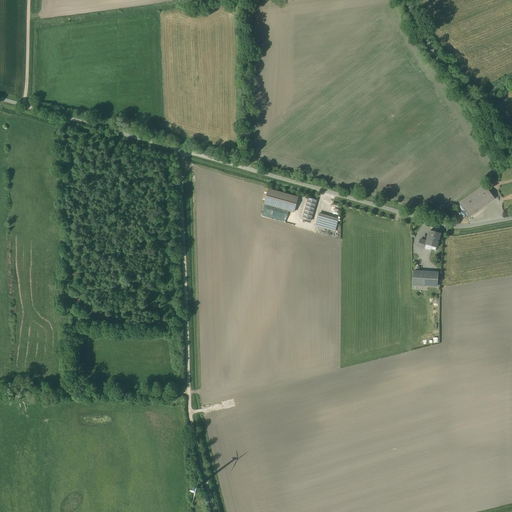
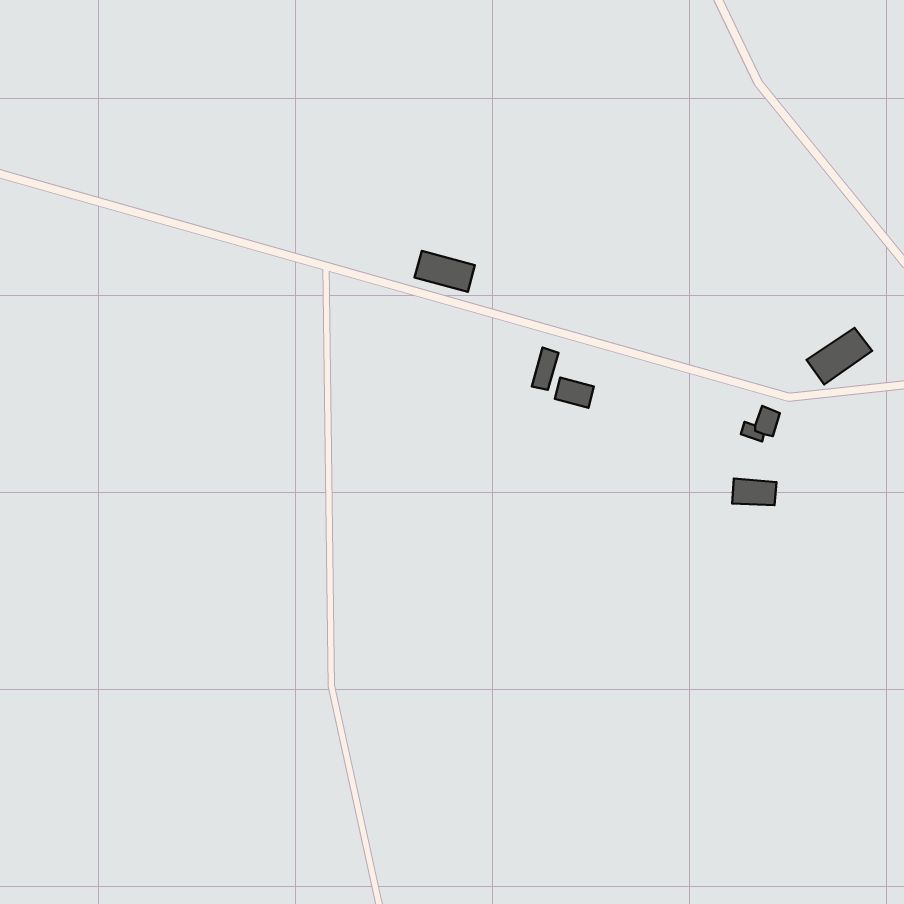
building: [265,188,299,211] -> [415,251,475,292]

